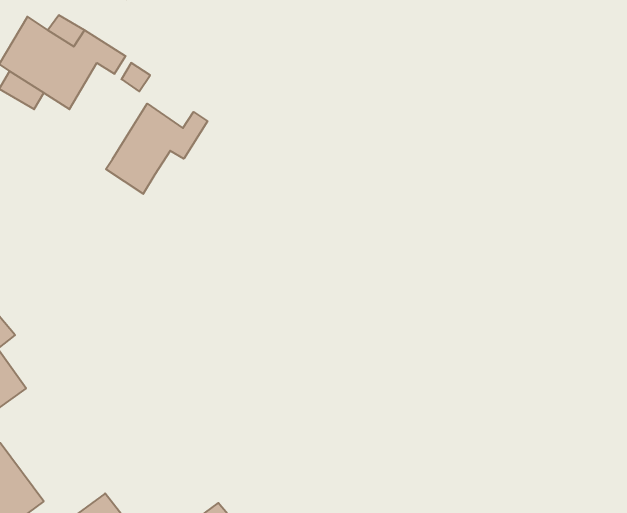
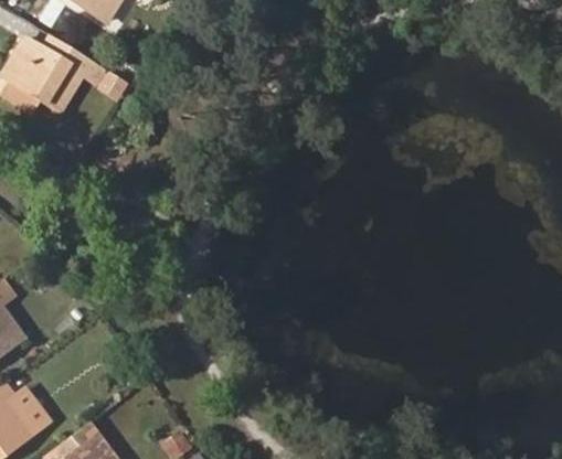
building: [106,104,207,194] -> none

